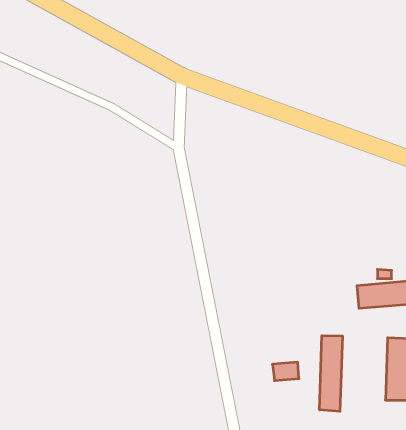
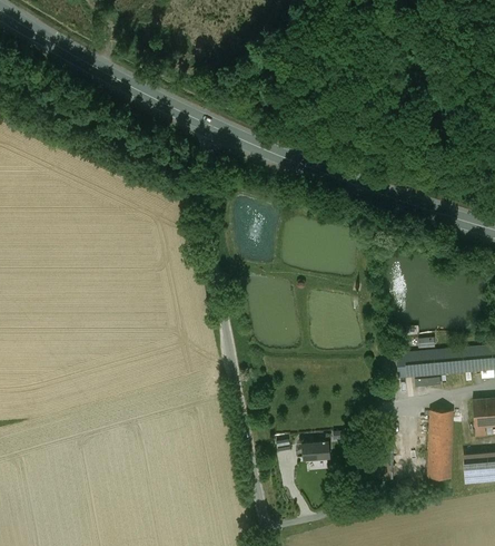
building: [320,336,342,411] -> none

